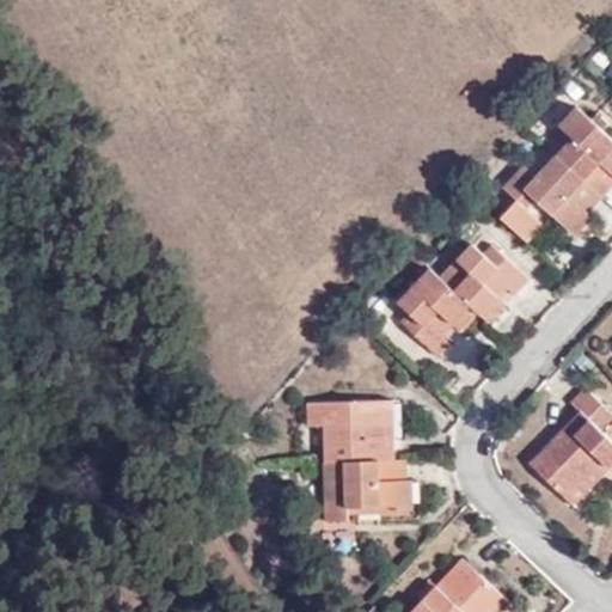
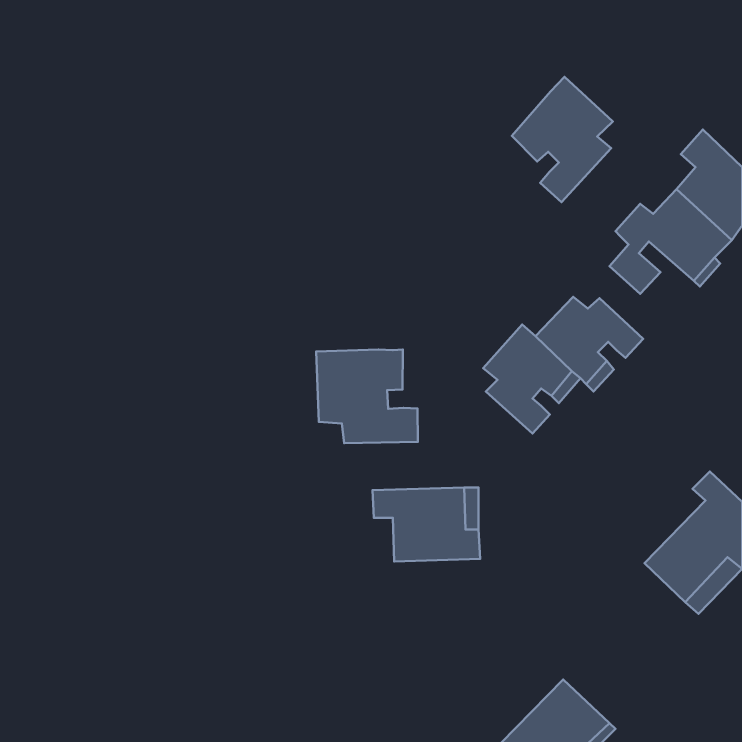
building: none -> [512,77,613,202]
building: none -> [316,349,418,443]
building: [322,459,408,522] -> none

